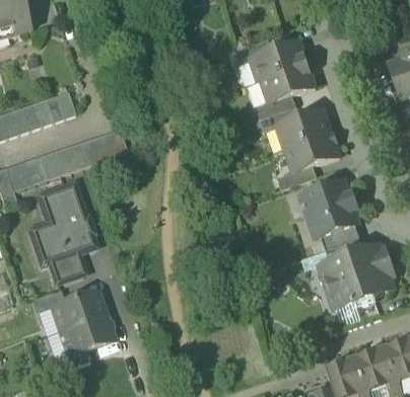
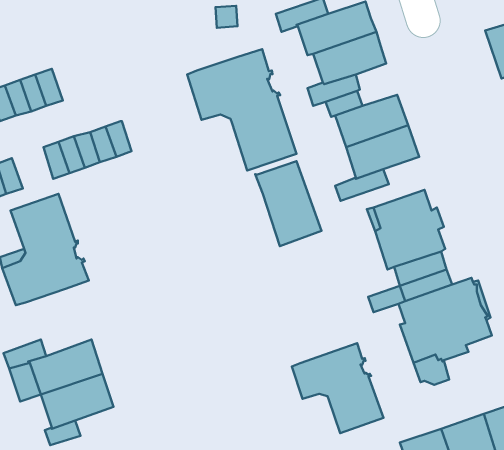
building: none -> [187,49,297,170]
building: [39,148,69,178] -> none
building: none -> [255,161,321,246]
building: [49,252,85,283] -> none
building: none -> [292,343,383,433]

